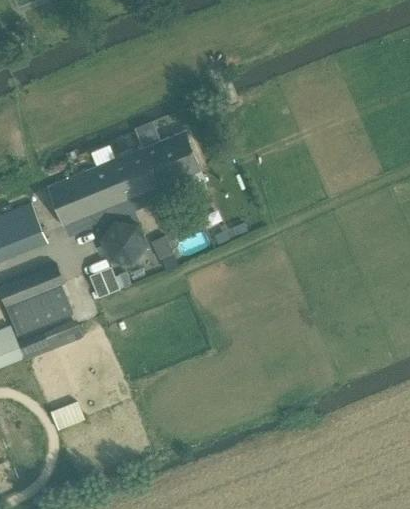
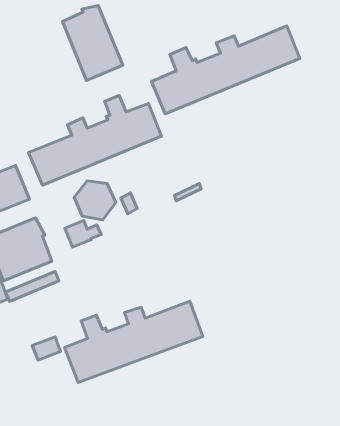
building: none -> [62,5,123,80]
building: none -> [151,26,300,114]
building: none -> [65,301,203,382]

